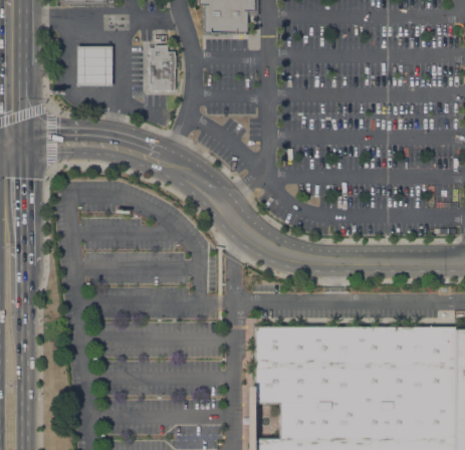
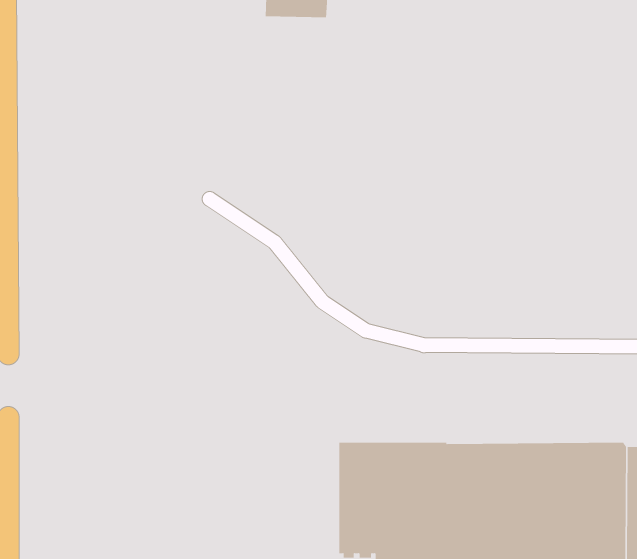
building: [77,46,113,87] -> none
building: [150,46,178,91] -> none

